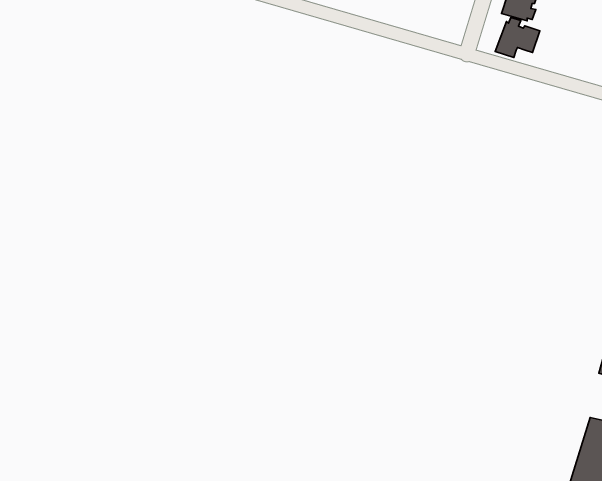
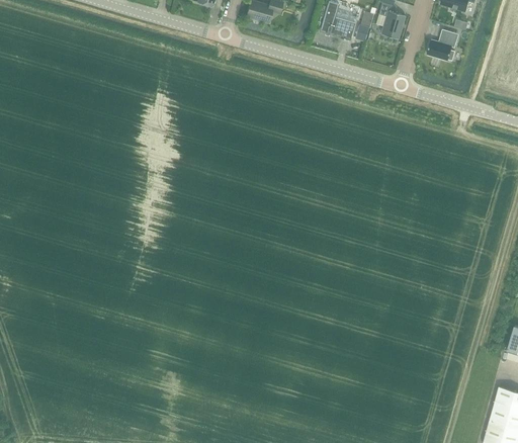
building: [495,18,540,58] -> none

